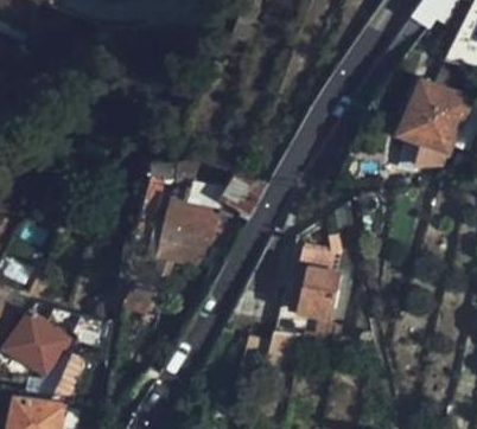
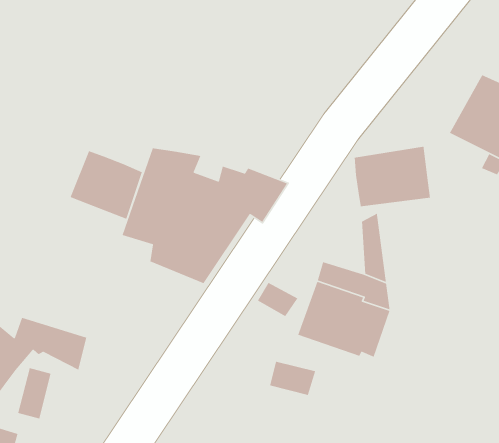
building: none -> [354,146,431,207]
building: none -> [70,150,143,220]

